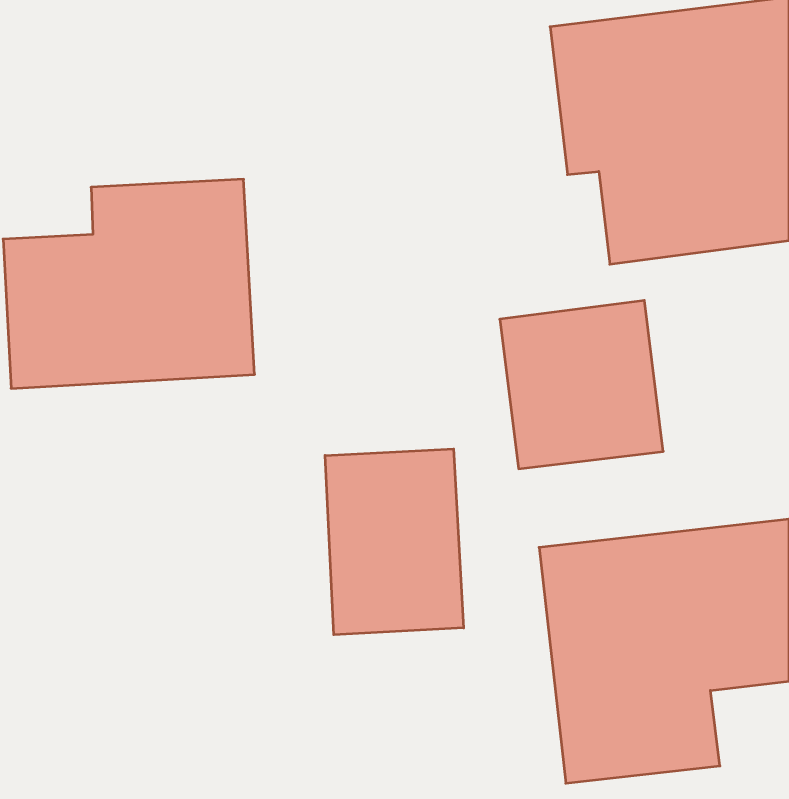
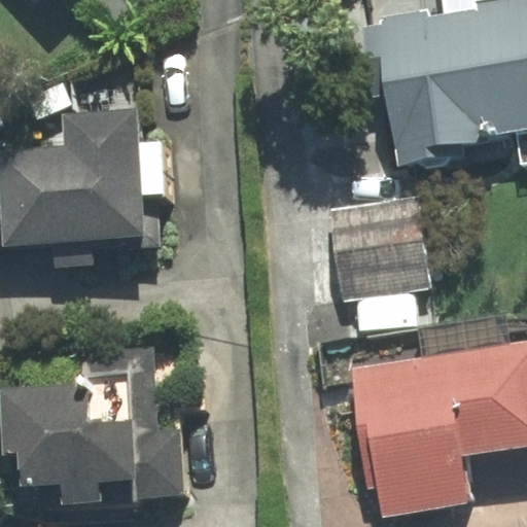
building: [325,449,464,635] -> none
building: none -> [4,351,187,500]

